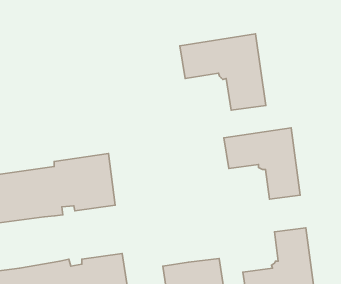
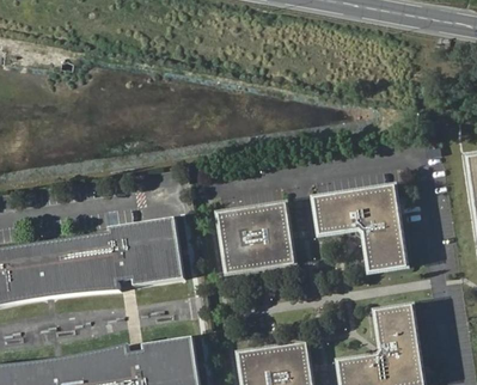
building: [180,34,266,110] -> none
building: none -> [216,202,294,273]

